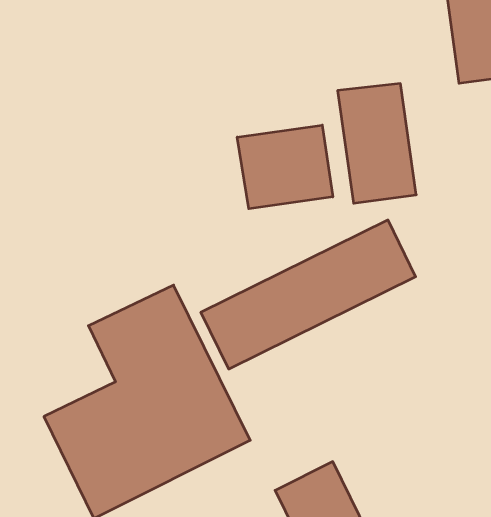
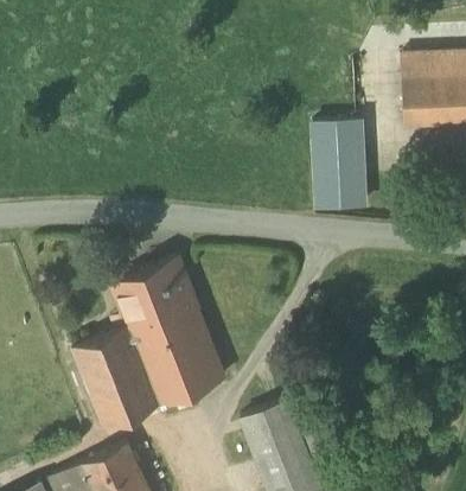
building: [237,125,333,209] -> none
building: [201,220,416,369] -> none

